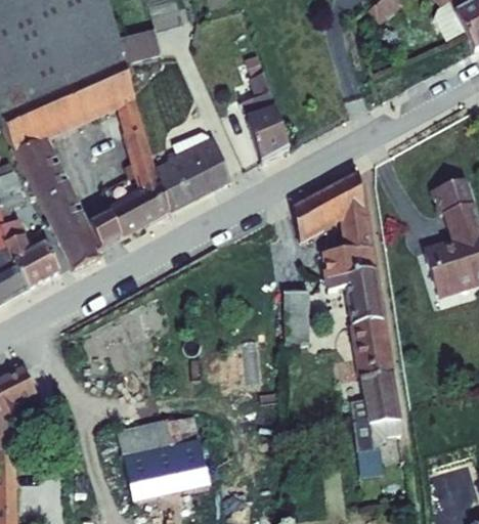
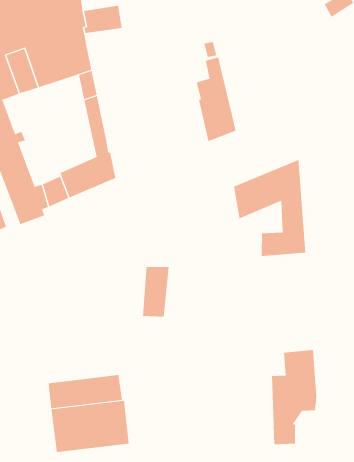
building: [156,132,229,210] -> none
building: [328,269,392,376] -> none
building: [284,289,308,343] -> [142,266,169,317]

